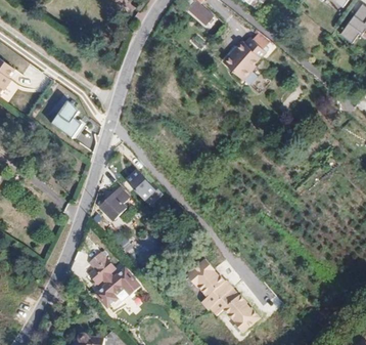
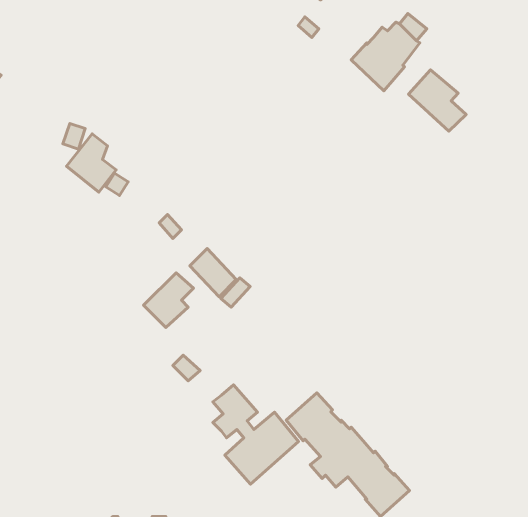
building: none -> [408,70,466,131]
building: [88,252,139,311] -> [213,385,299,484]

